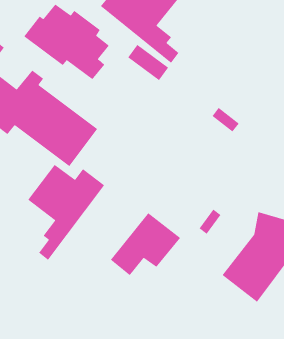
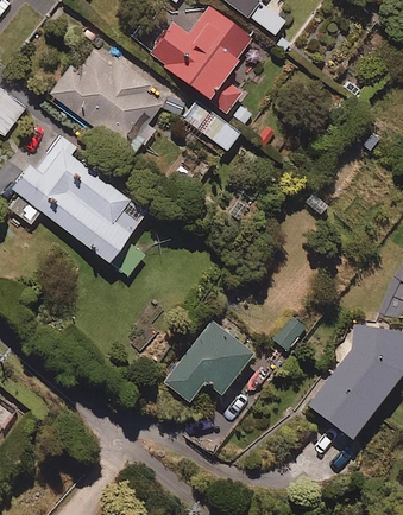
building: [27,164,105,261] -> none

